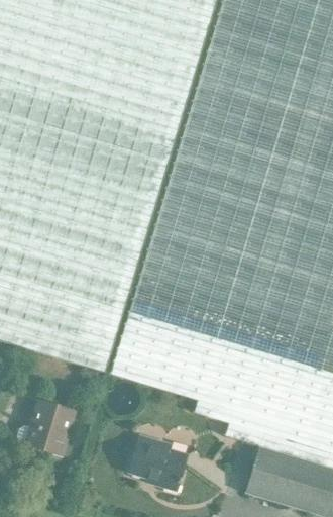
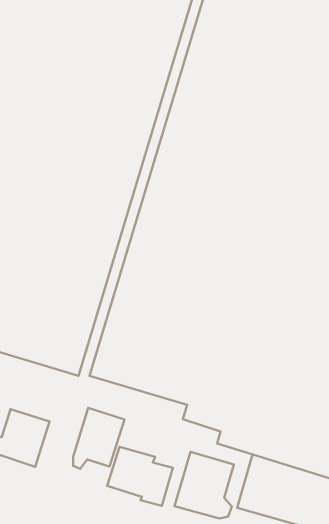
building: none -> [73,408,125,469]
building: none -> [175,452,234,518]

